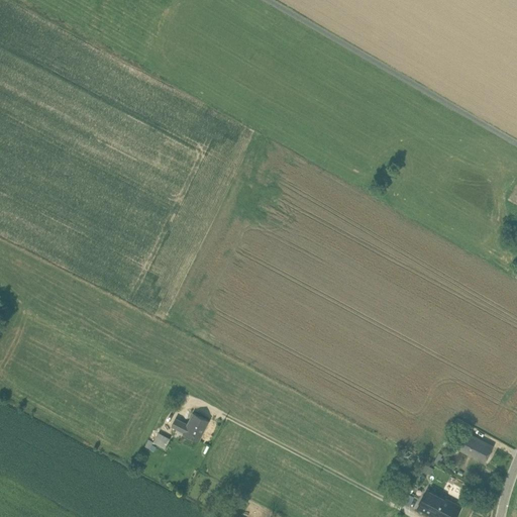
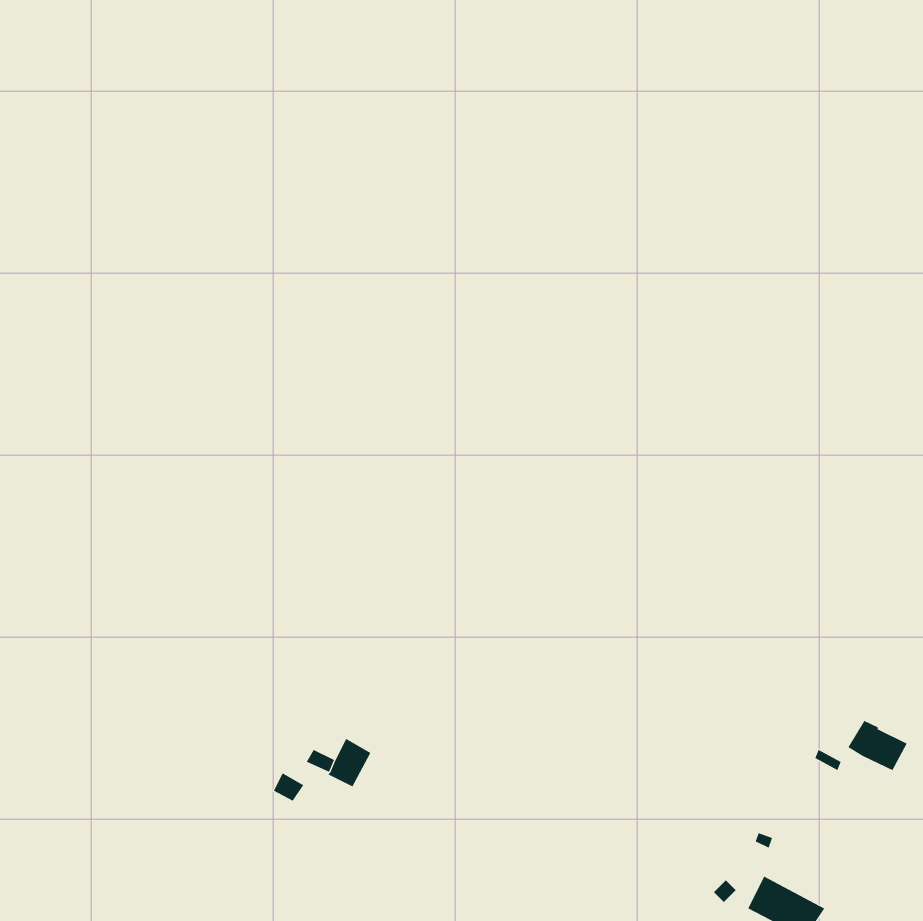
building: [458,435,492,463] -> [848,720,907,771]

